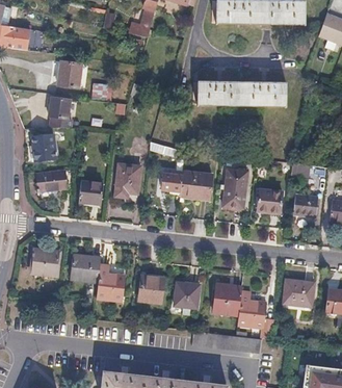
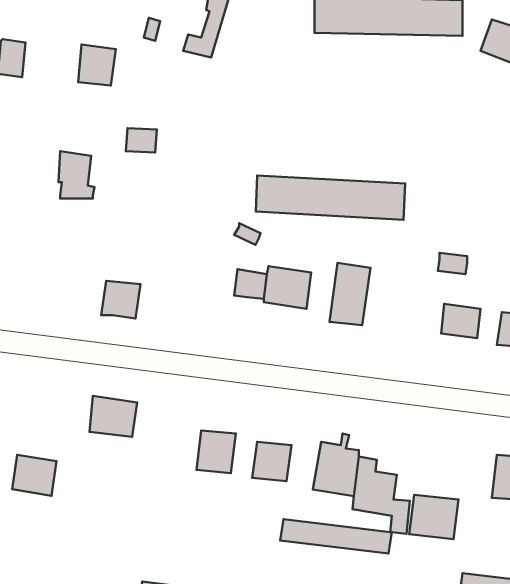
building: [58,61,82,87] -> [78,44,116,85]
building: [192,79,287,107] -> [256,175,405,220]
building: [30,133,55,159] -> none
building: [113,163,140,198] -> none
building: [36,172,67,197] -> none
building: [256,188,282,215] -> none
building: [30,248,58,274] -> [12,455,56,496]
building: [95,264,125,301] -> none
building: [282,278,313,306] -> [409,495,458,539]

